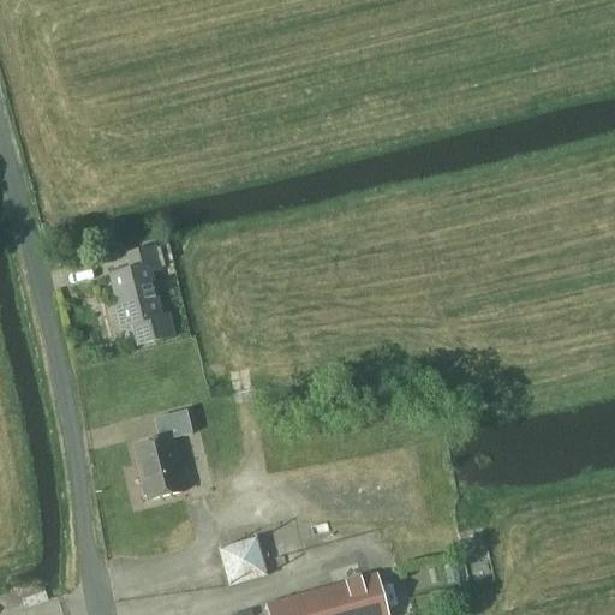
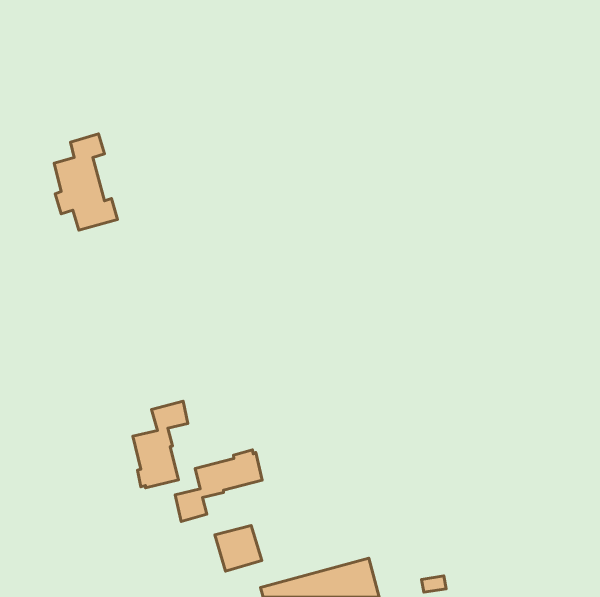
building: [111,246,175,345] -> [54,134,117,230]
building: none -> [175,450,262,522]

